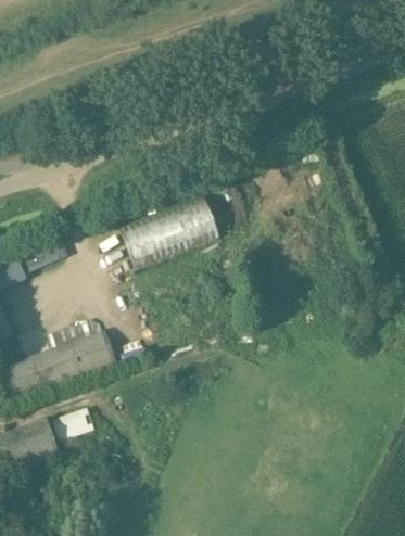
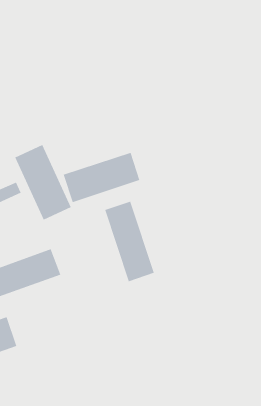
building: none -> [14,144,72,220]
building: none -> [104,201,154,282]

